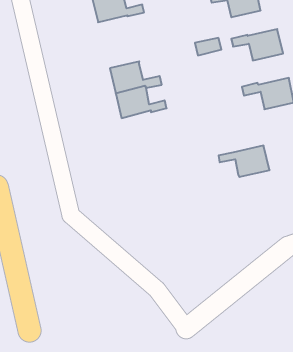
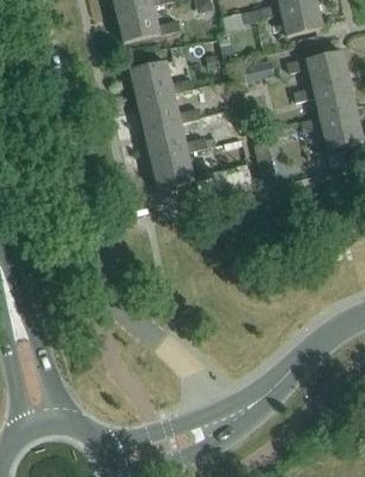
building: none -> [132,62,194,101]
building: none -> [153,152,215,192]
building: [219,146,270,177] -> [296,83,358,121]

